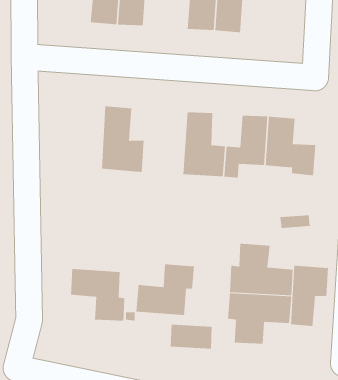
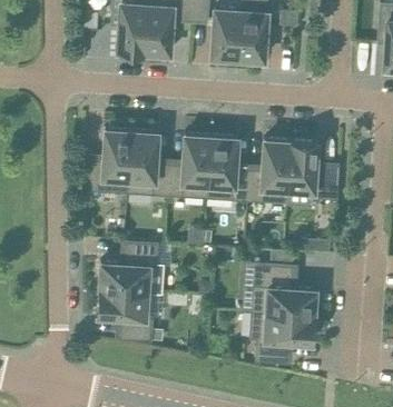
building: none -> [89,130,132,192]
building: none -> [169,135,213,198]
building: [136,264,195,315] -> [100,242,158,292]
building: [291,265,329,327] -> none
building: [170,324,212,349] -> none

